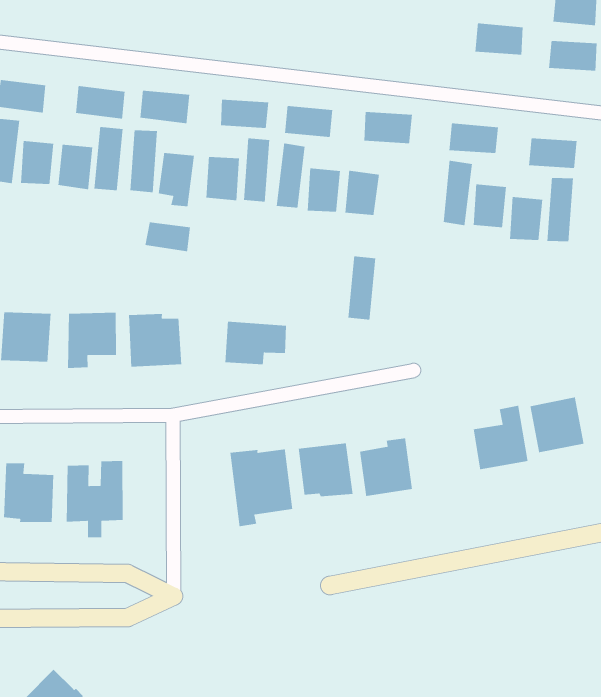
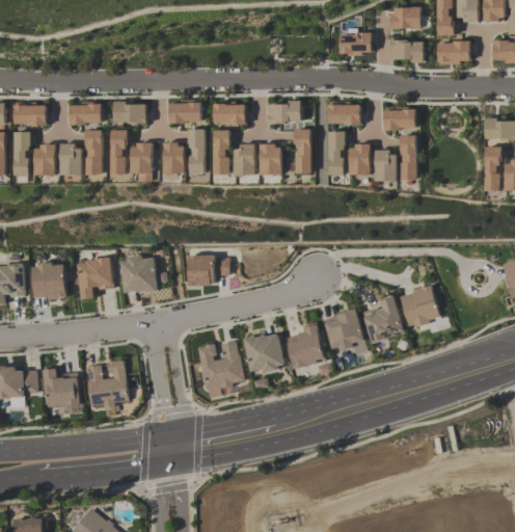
building: [145,221,191,252] -> none
building: [348,256,376,320] -> [295,130,310,174]
building: none -> [324,310,365,354]

